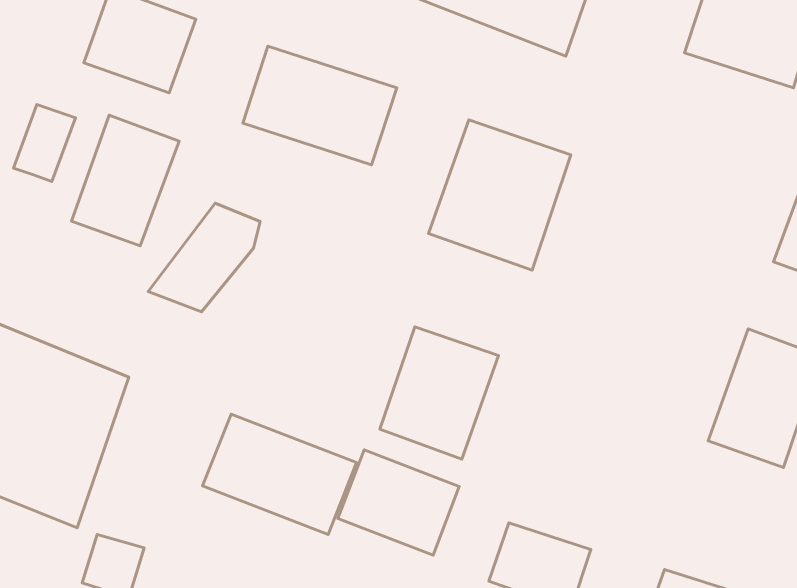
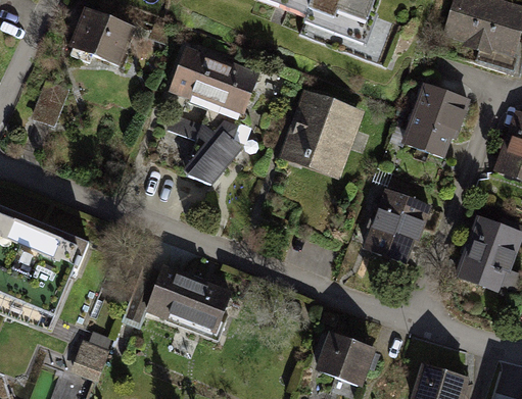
building: [71,115,179,246] -> none
building: none -> [398,85,469,162]
building: [148,203,260,312] -> [181,116,249,183]
building: [380,327,499,459] -> [364,184,436,264]
building: [338,450,459,555] -> none

